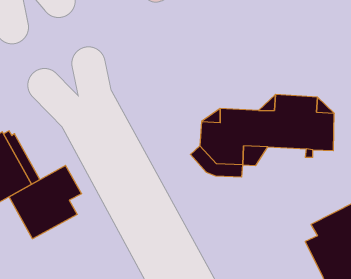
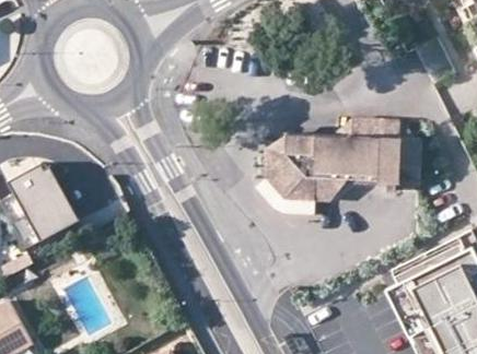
building: [9,165,82,239] -> none

